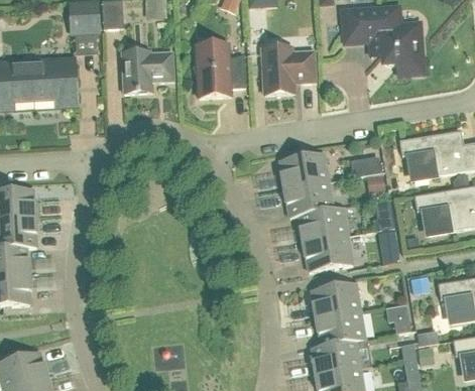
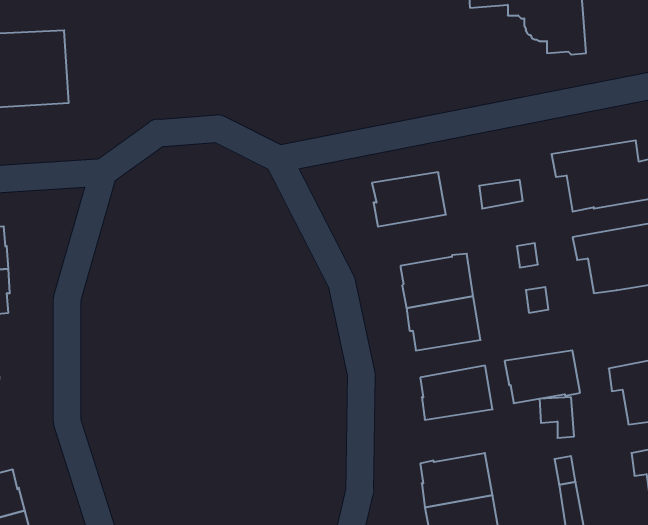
building: [194,43,245,97] -> none
building: [261,46,315,94] -> none
building: [121,50,174,93] -> none
building: [283,180,333,217] -> none
building: [315,310,365,346] -> [505,350,580,403]

